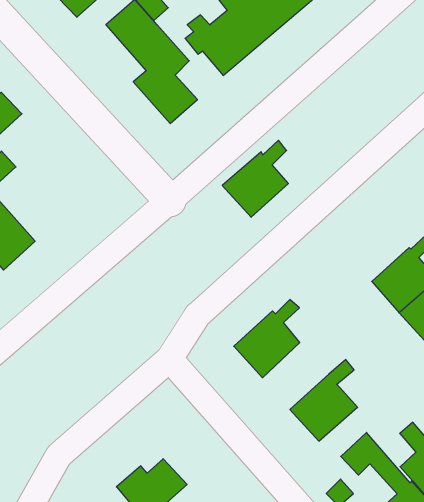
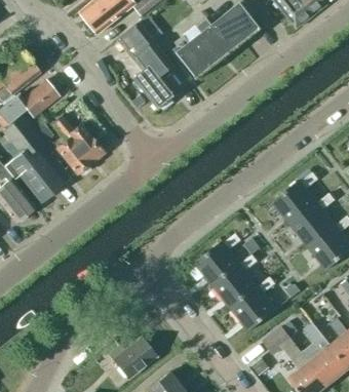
building: [222,140,288,217] -> [272,172,317,224]
building: none -> [52,117,104,174]
building: none -> [212,253,258,308]

